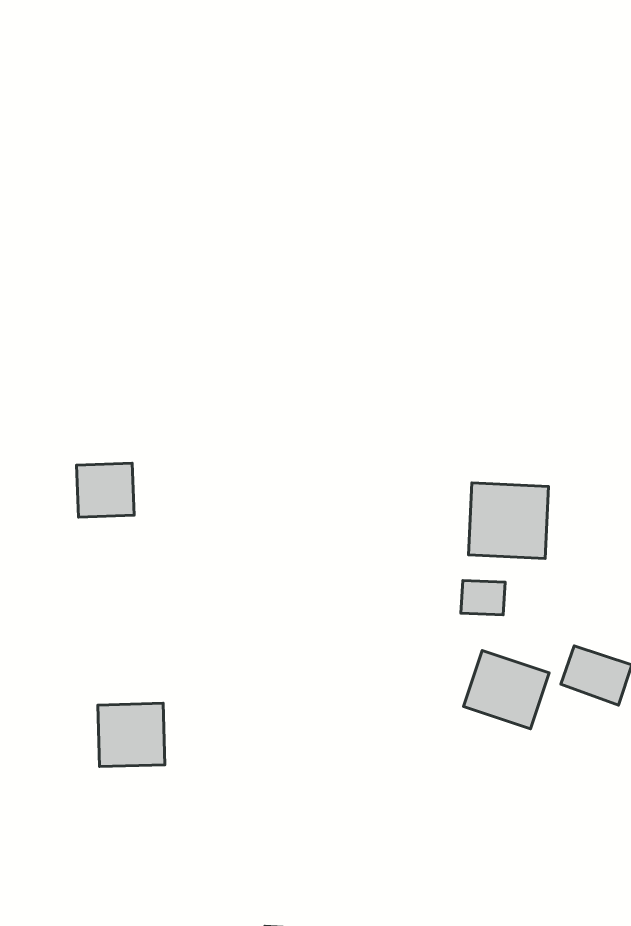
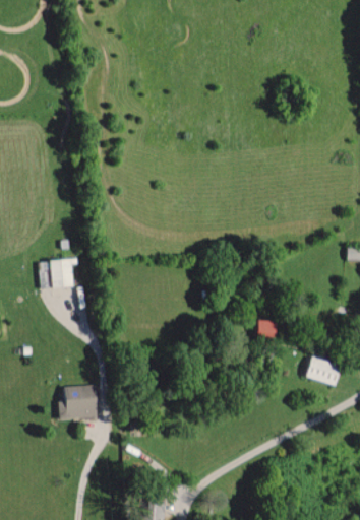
building: [468,483,549,558] -> none
building: [464,650,549,729] -> none

